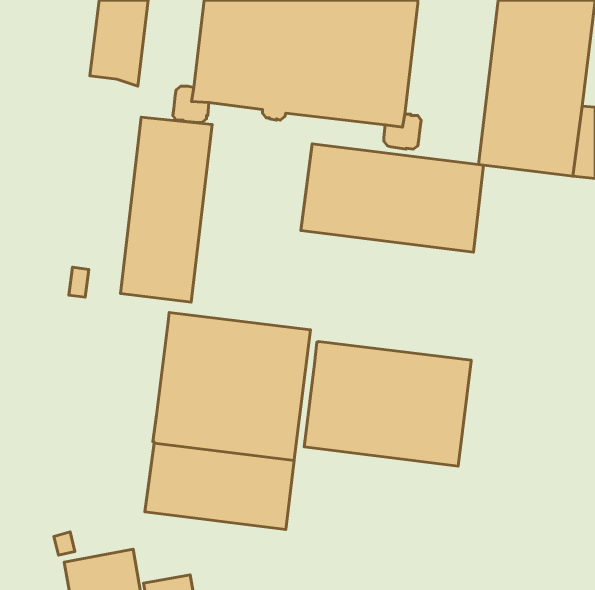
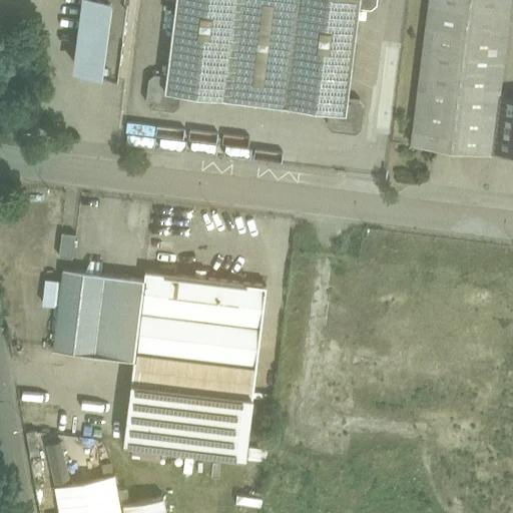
building: [120,117,212,302] -> none
building: [301,144,484,252] -> none
building: none -> [53,272,144,362]
building: [304,341,471,466] -> none

